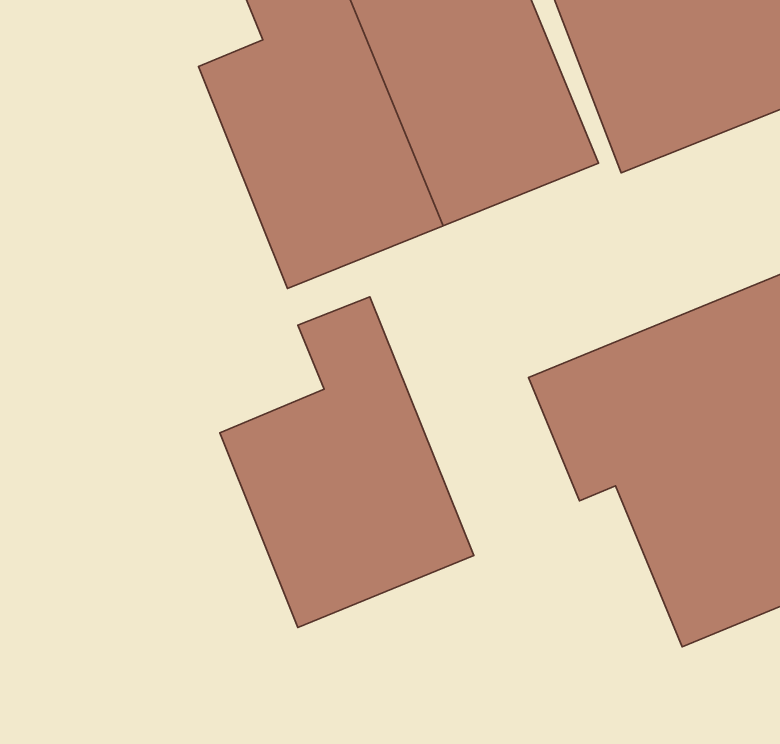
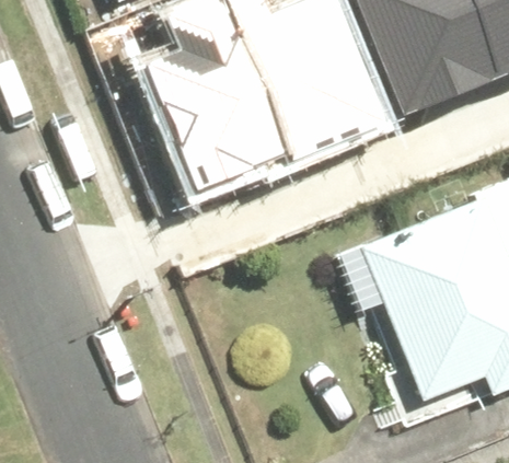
building: [220,297,474,628] -> none

